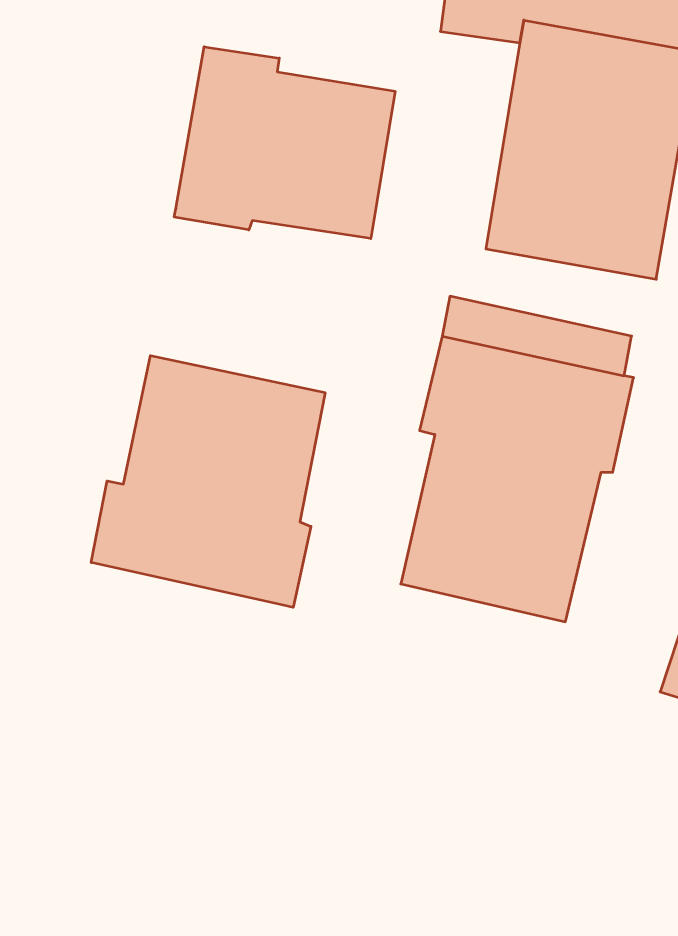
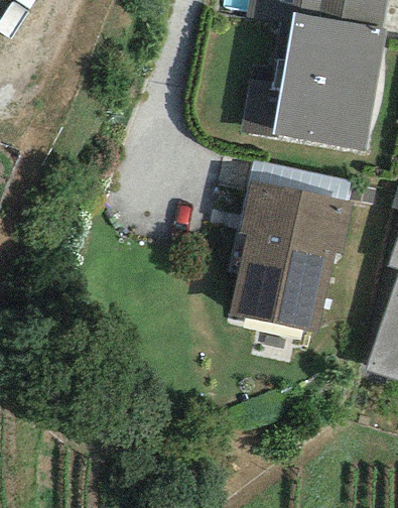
building: [174,47,395,239] -> none
building: [91,356,325,607] -> none

